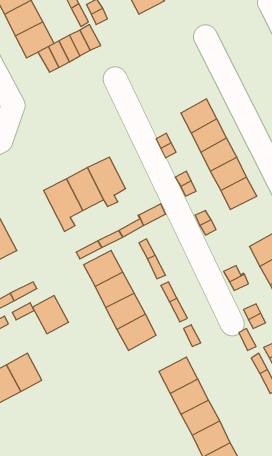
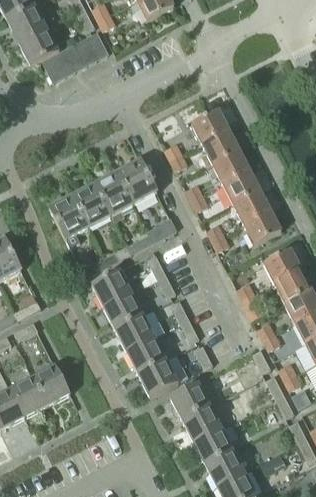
building: none -> [117,158,157,203]
building: none -> [244,211,283,246]
building: [32,296,69,334] -> [31,364,69,404]
building: none -> [137,355,188,396]

